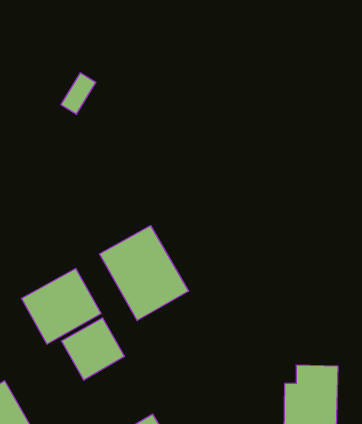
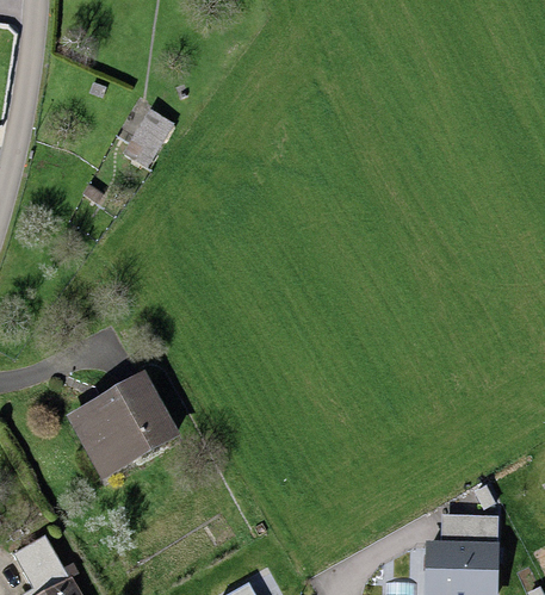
building: [100,226,189,321] -> none
building: [61,318,124,380] -> none

